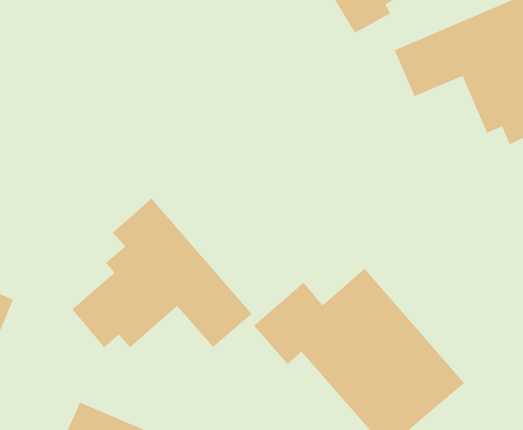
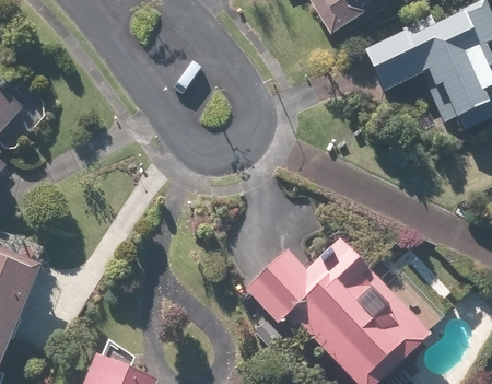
building: [72,198,252,348] -> none

